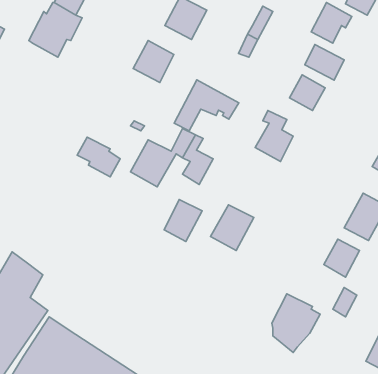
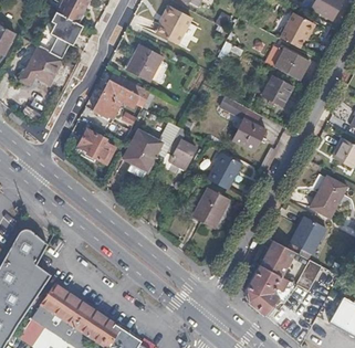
building: none -> [20,48,62,86]
building: [174,80,239,131] -> [96,73,153,117]
building: [164,199,202,241] -> [209,152,242,189]
building: none -> [261,240,297,276]

